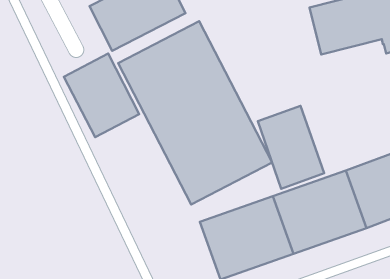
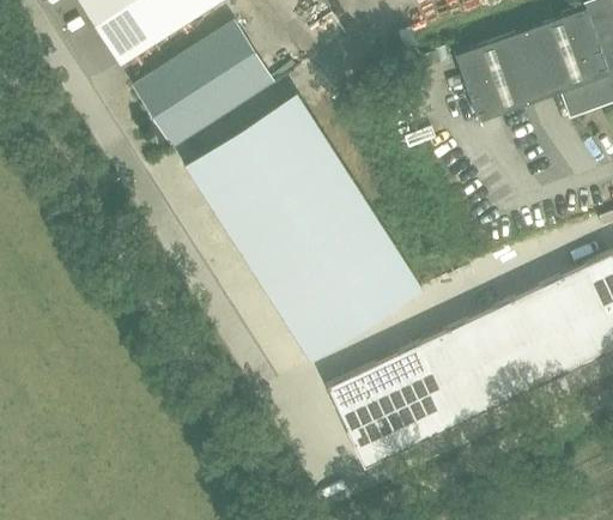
building: [64,54,139,137] -> none
building: [258,106,324,189] -> none

